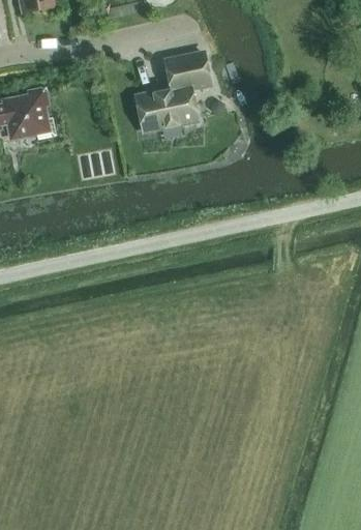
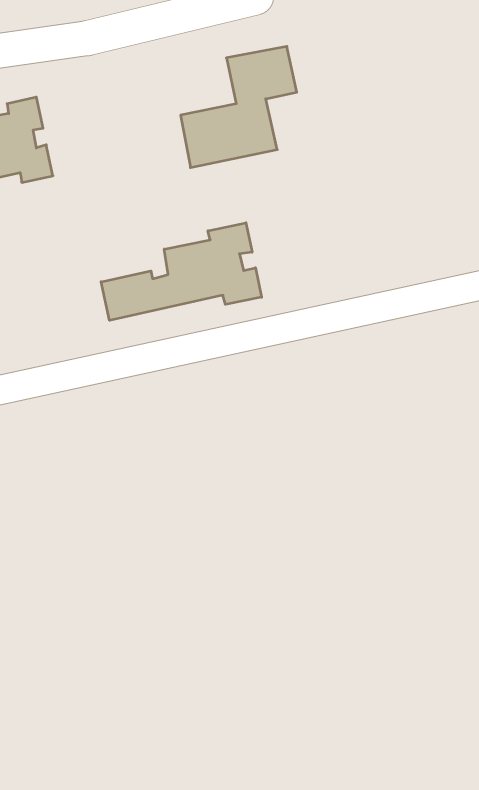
building: none -> [101,223,262,320]

